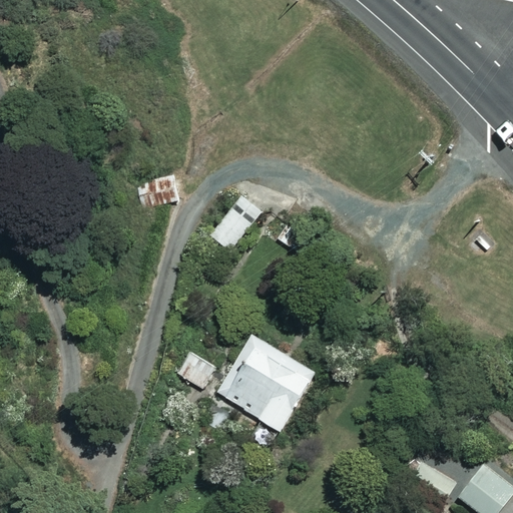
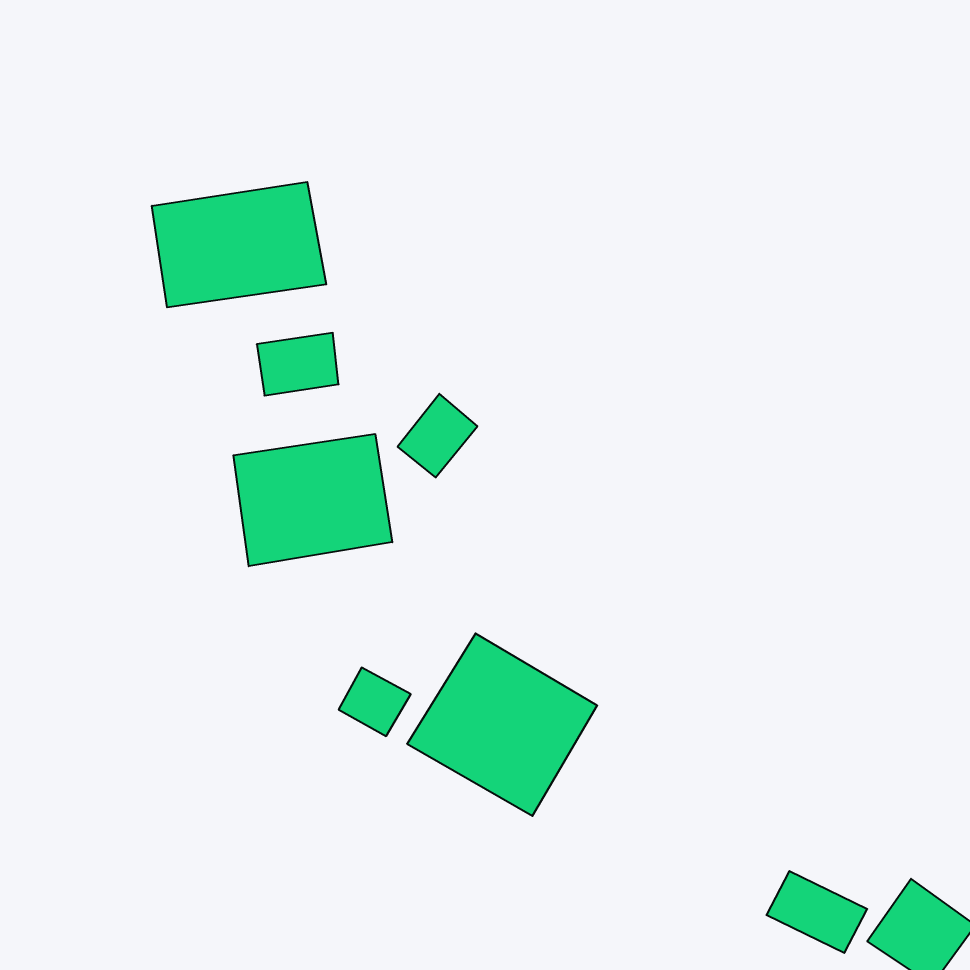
building: none -> [152,182,326,307]
building: none -> [233,434,392,566]

